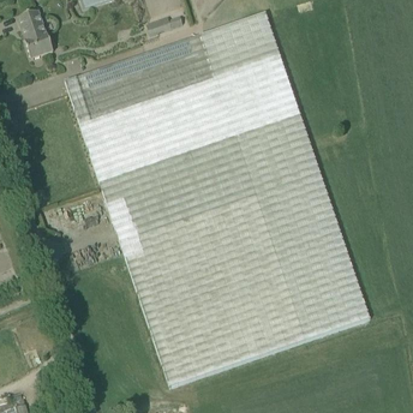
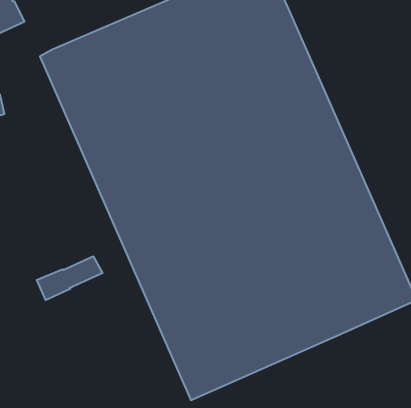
building: none -> [37,256,103,300]

